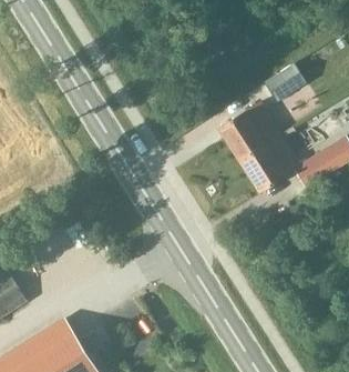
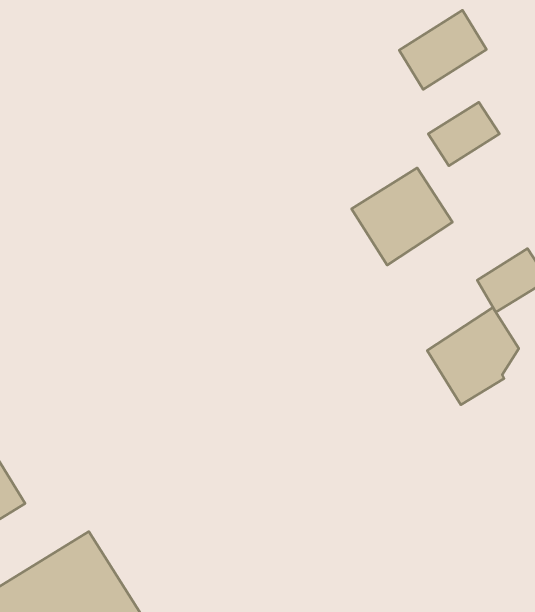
building: none -> [399,10,487,89]
building: [239,135,294,193] -> [427,307,519,405]

